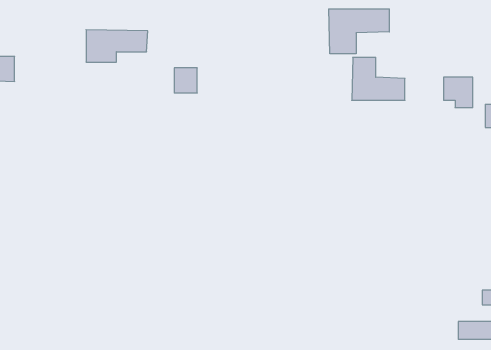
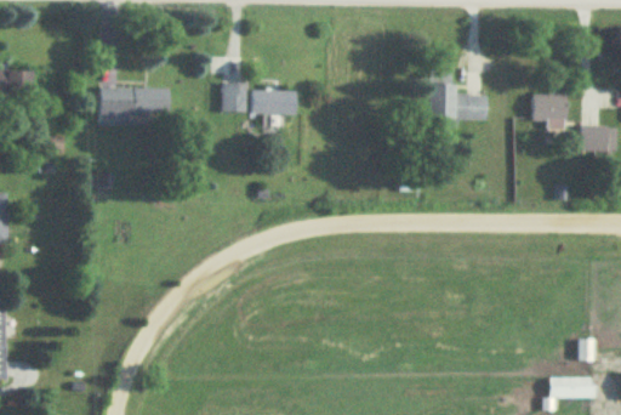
building: [329,9,389,54] -> none
building: [86,30,148,62] -> [99,86,171,124]
building: none -> [252,90,297,125]

